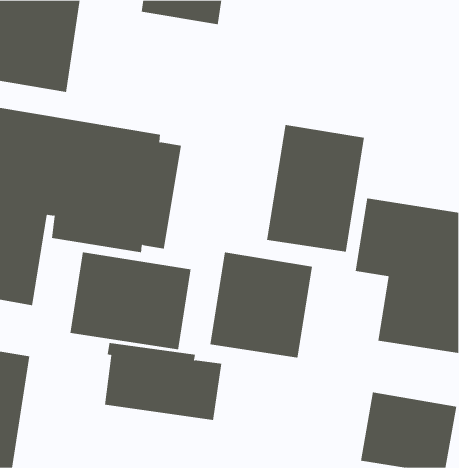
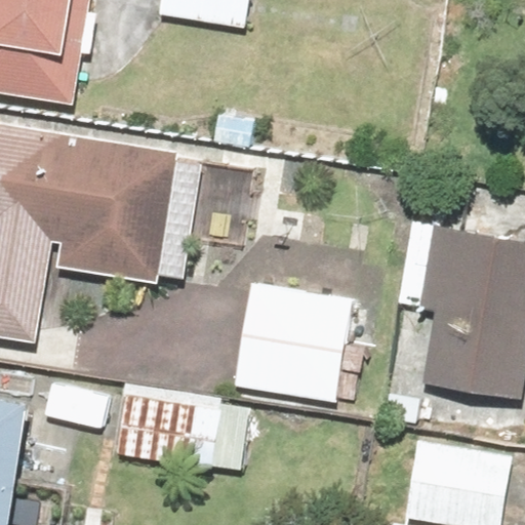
building: [267,124,364,253] -> none
building: [70,251,191,350] -> none

